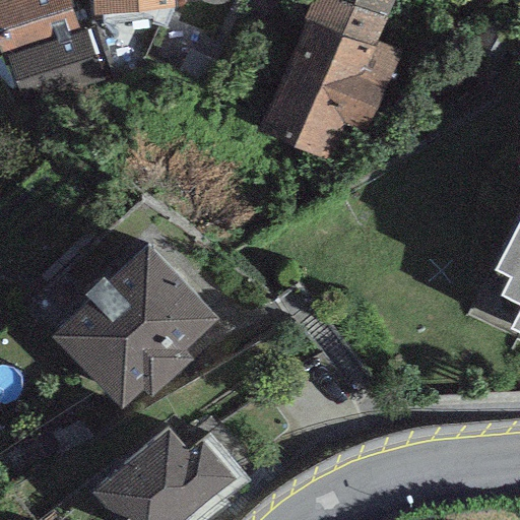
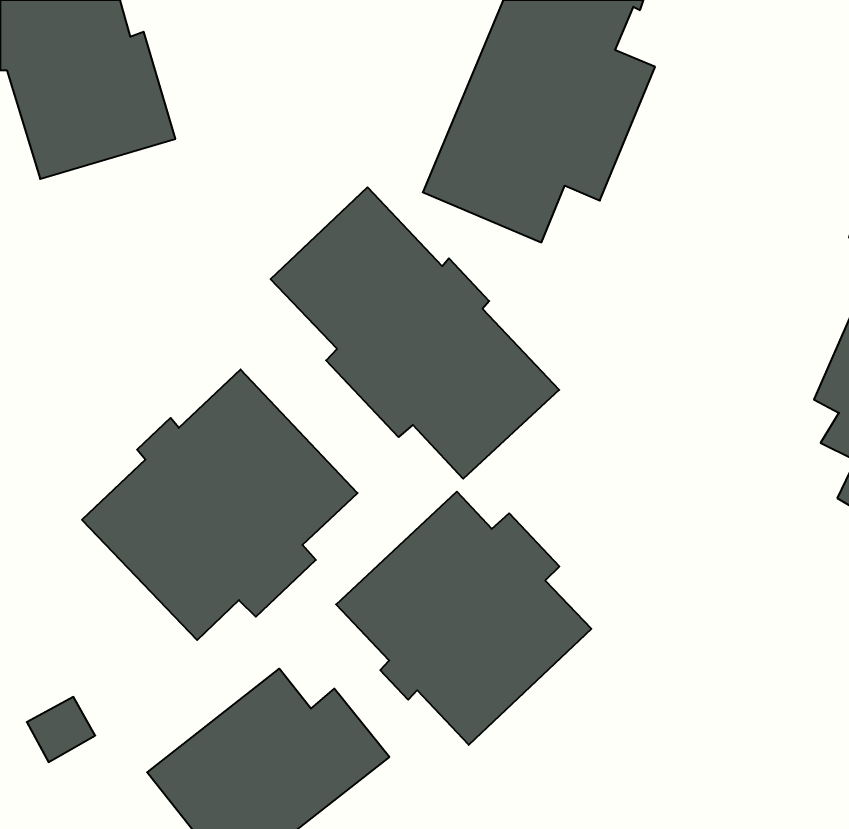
building: none -> [271,187,559,479]
building: none -> [336,492,591,745]

